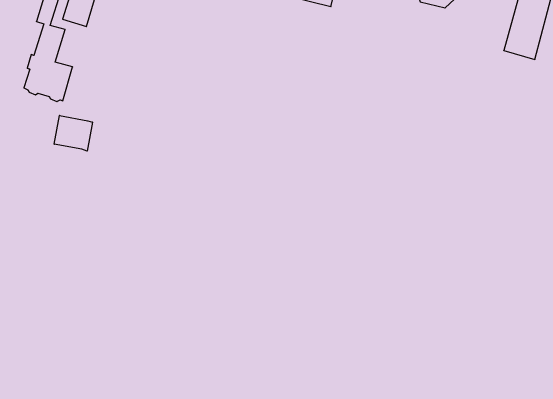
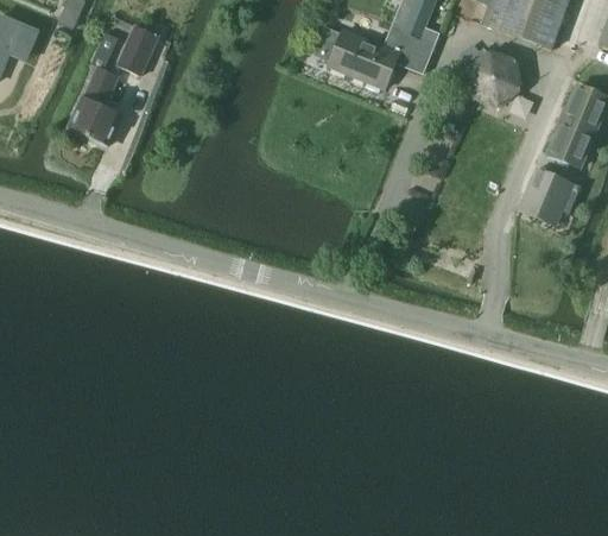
building: none -> [519,169,578,223]
building: [54,115,92,151] -> none

